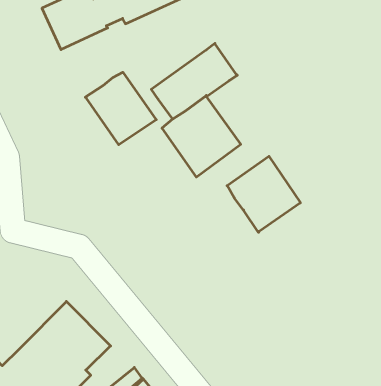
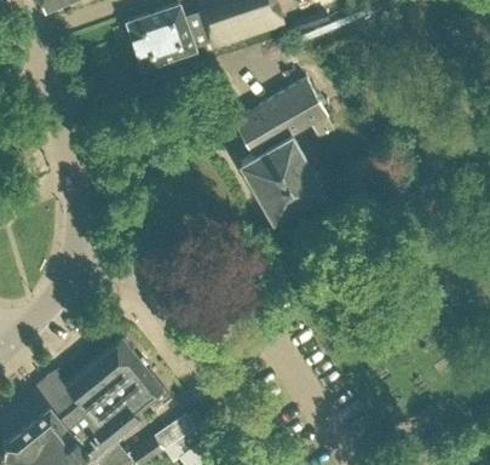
building: [85,72,156,145] -> none
building: [227,156,300,232] -> none

